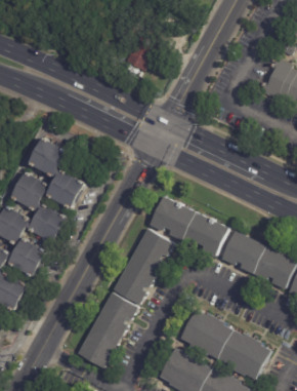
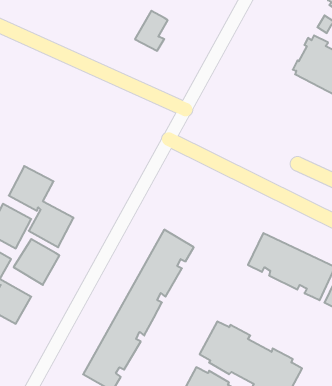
building: [31,139,86,209] -> none
building: [151,197,228,257] -> none

